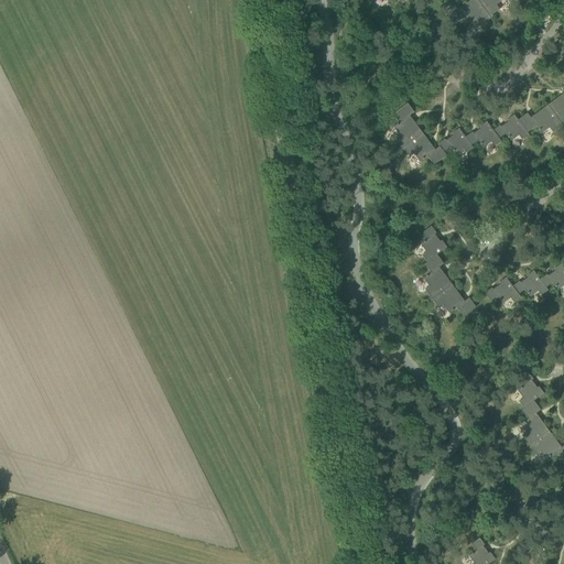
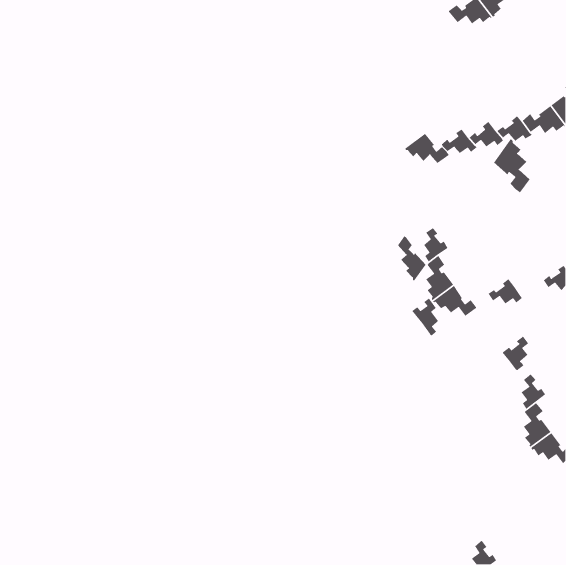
building: [394,102,423,148] -> none
building: none -> [493,138,530,194]
building: none -> [397,235,426,282]
building: [512,270,547,296] -> none
building: none -> [411,297,439,336]
building: none -> [501,336,529,371]

